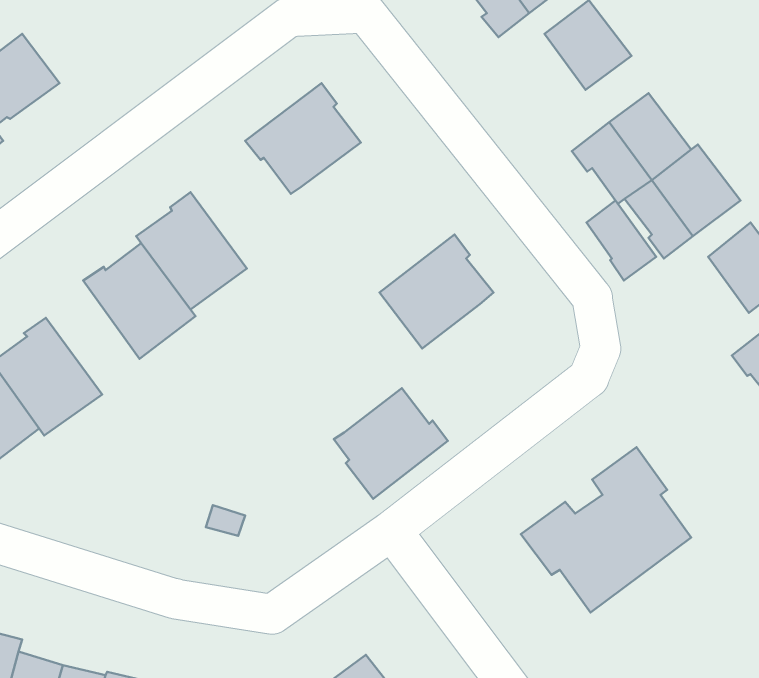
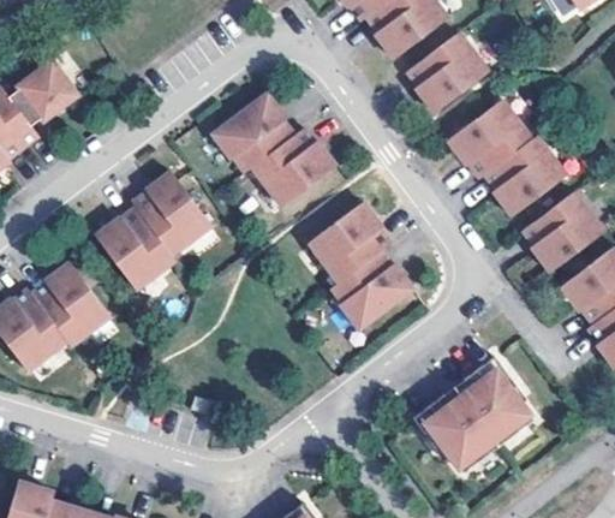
building: none -> [406,60,454,117]
building: none -> [253,129,336,208]
building: [586,201,656,281] -> [520,218,569,274]
building: [334,388,448,499] -> [332,251,412,329]

